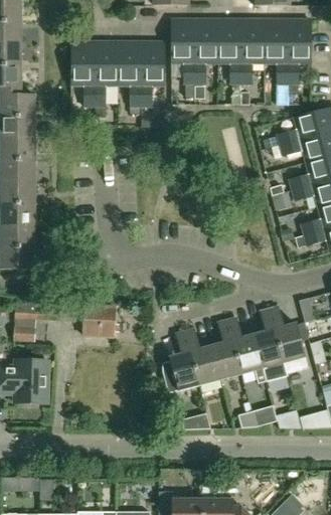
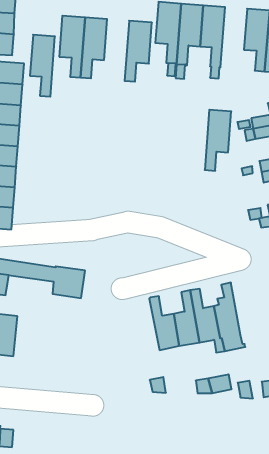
building: [240,19,264,82] -> [205,110,231,171]
building: [118,41,141,105] -> [30,35,55,97]
building: [269,306,307,371] -> none
building: [161,331,199,392] -> none

